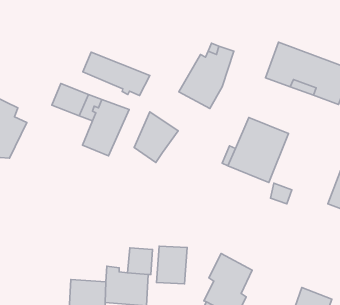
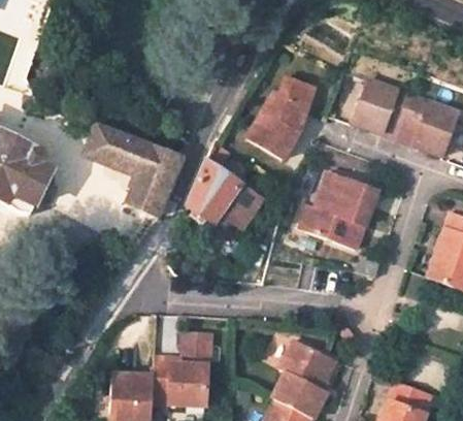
building: [83,52,150,96] -> none
building: none -> [223,186,263,227]
building: [156,246,187,284] -> none

